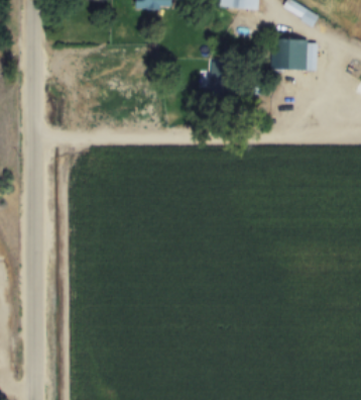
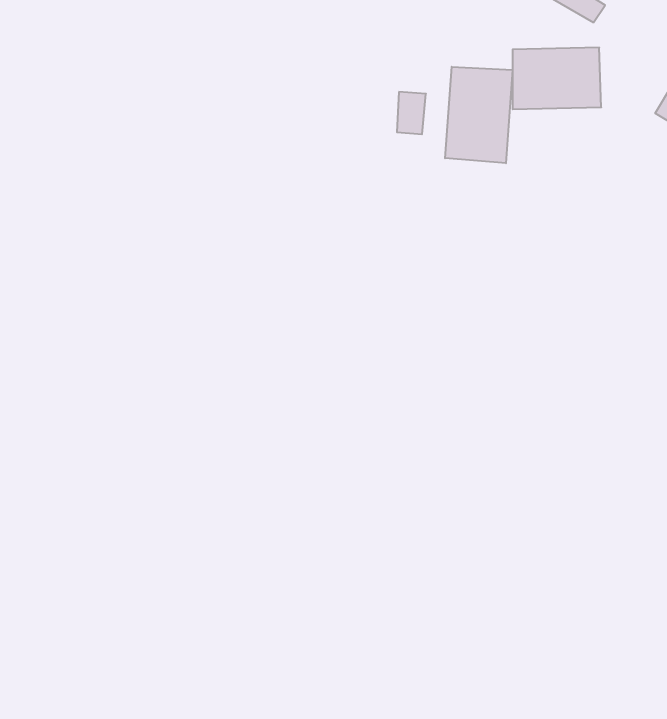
building: none -> [445,67,513,163]

